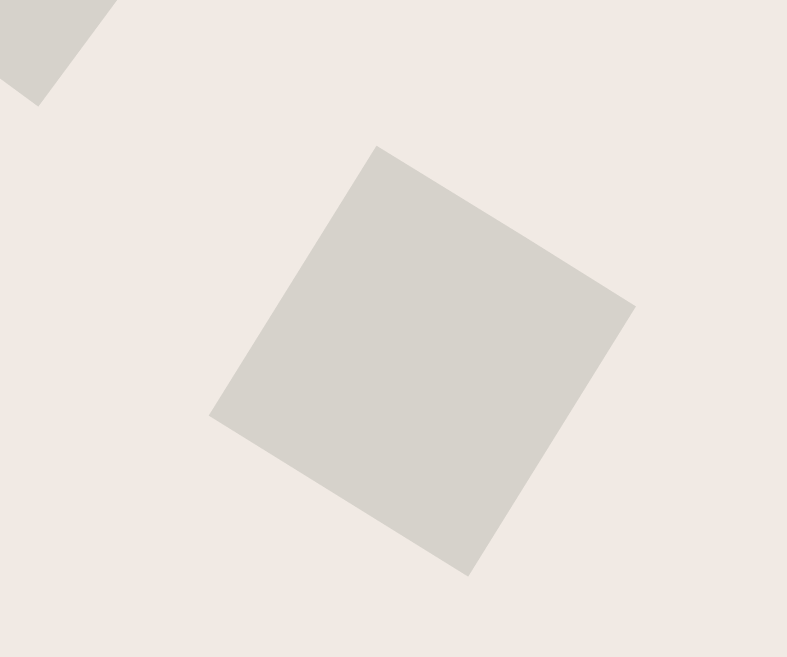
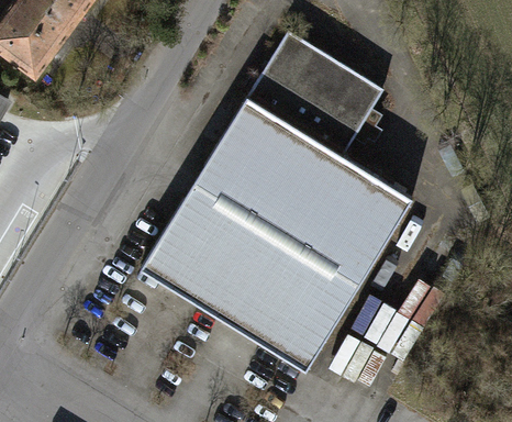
building: none -> [248,33,383,156]

